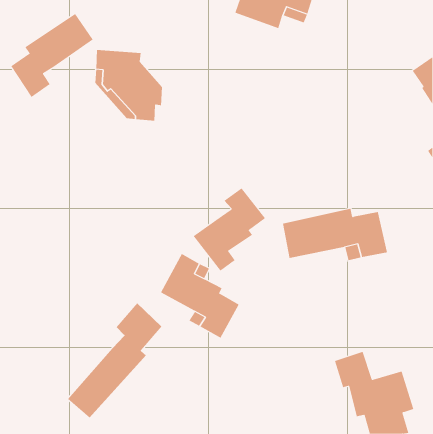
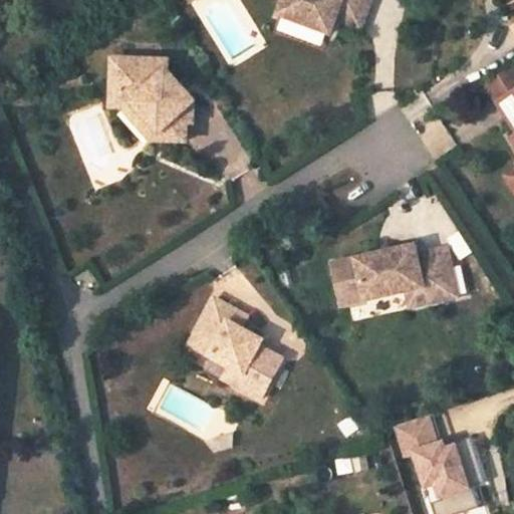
building: [11,13,94,98] -> none
building: [193,187,266,271] -> none
building: [67,302,162,419] -> none

